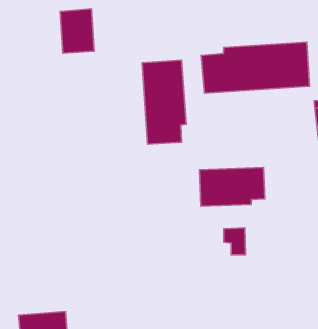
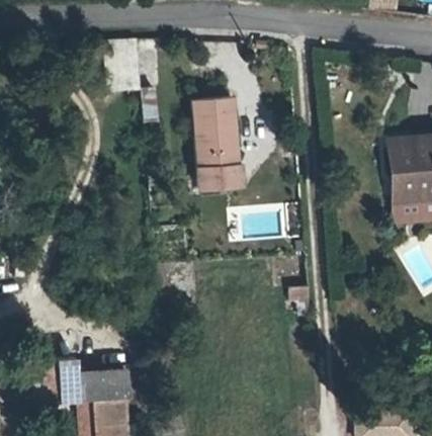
building: [201,42,310,93] -> none
building: [200,168,265,206] -> none

